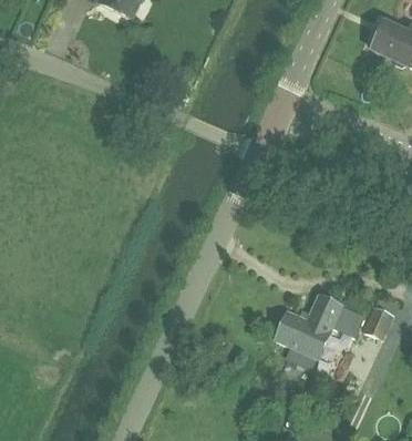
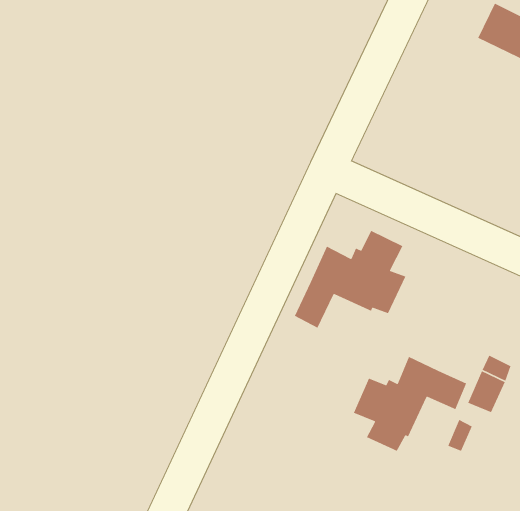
building: none -> [294,230,406,329]

